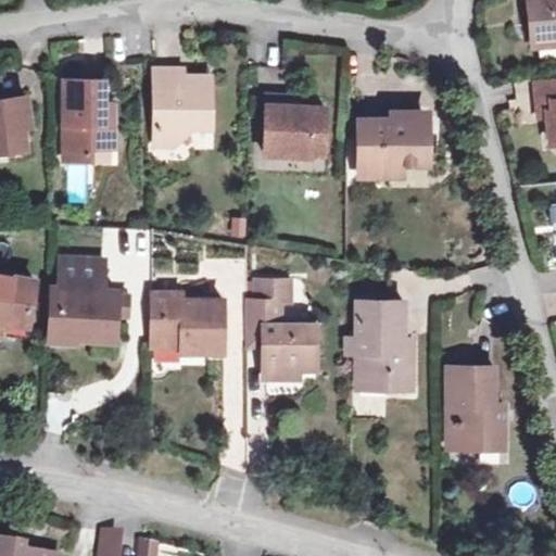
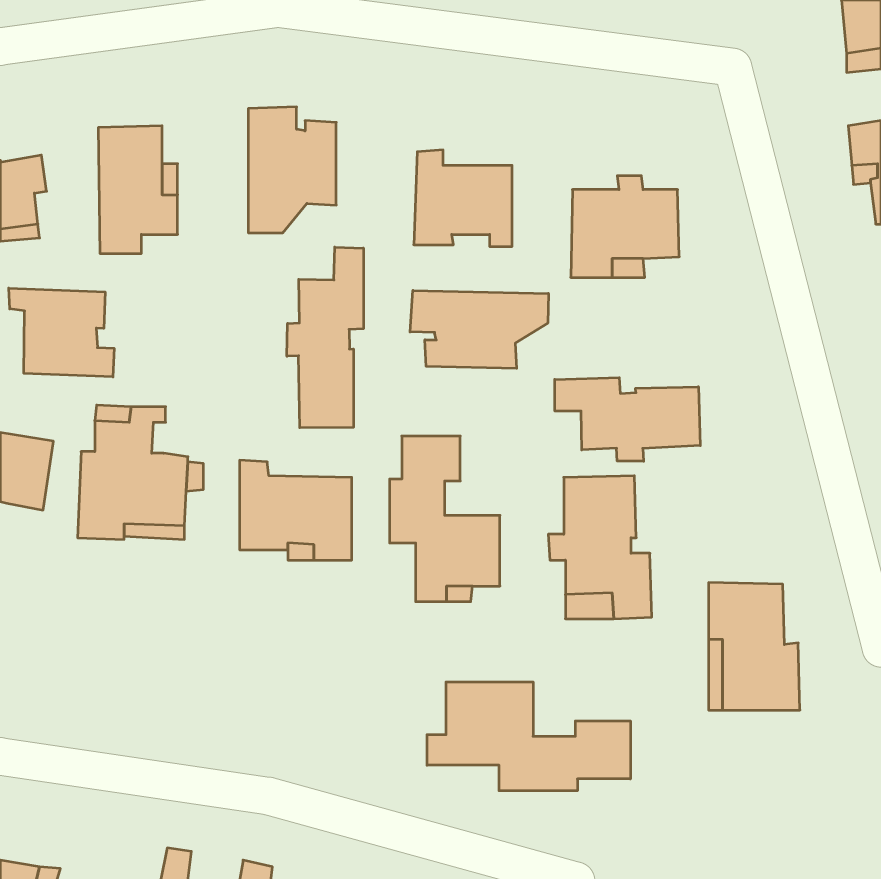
building: none -> [287,247,363,428]
building: none -> [9,288,114,377]
building: none -> [410,290,548,368]
building: none -> [555,378,700,461]
building: none -> [427,682,630,791]

